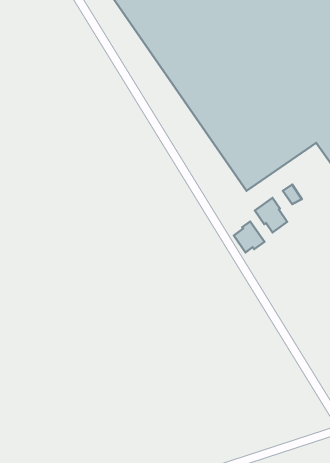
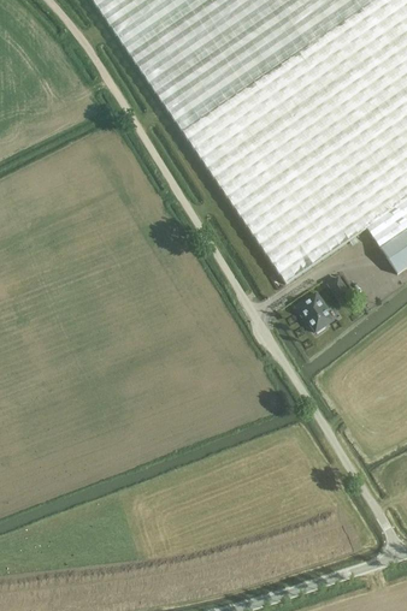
building: [234,221,265,252] -> none

